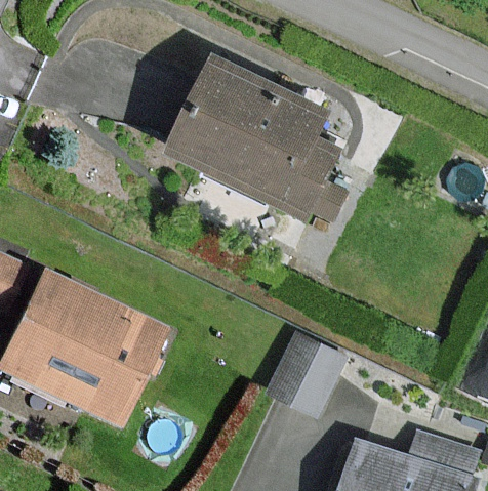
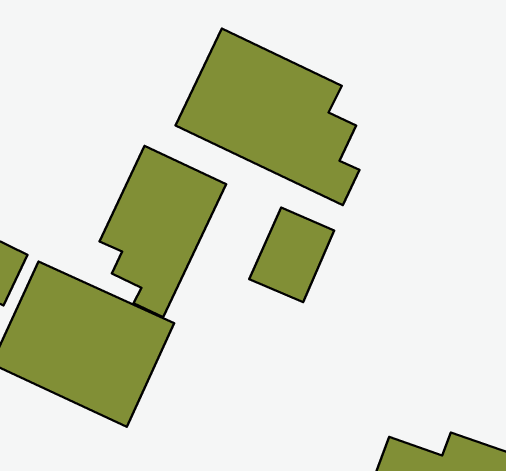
building: none -> [99,146,226,317]
building: [269,330,348,418] -> [249,207,334,302]

